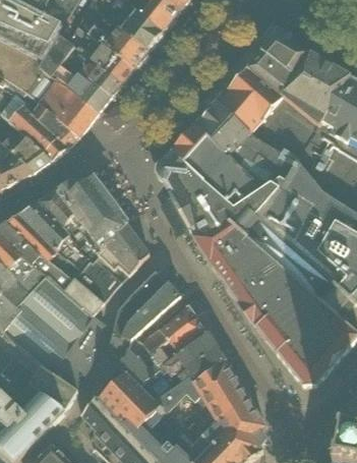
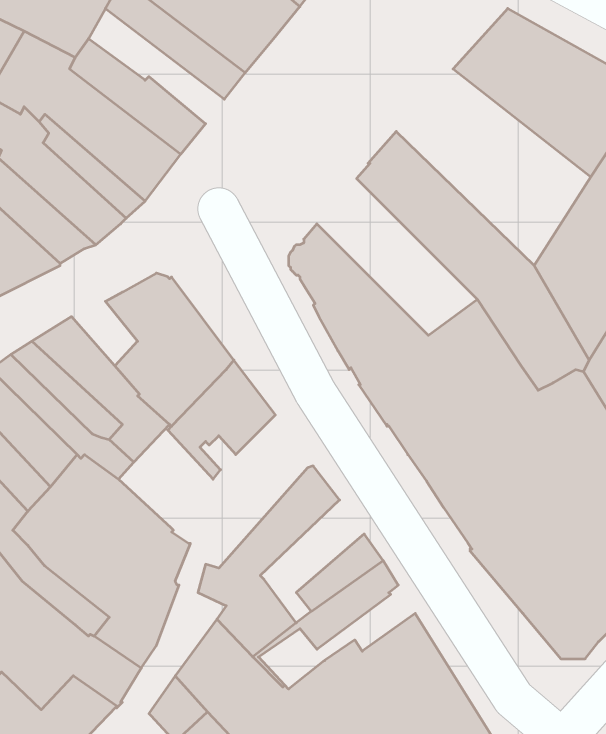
building: [49,35,122,97] -> none
building: [215,67,319,173] -> none
building: [172,126,258,211] -> none
building: [40,189,75,227] -> none
building: [65,258,116,314] -> none
building: [112,270,167,336] -> none
building: [143,304,197,365] -> none
building: [172,345,225,386] -> none

